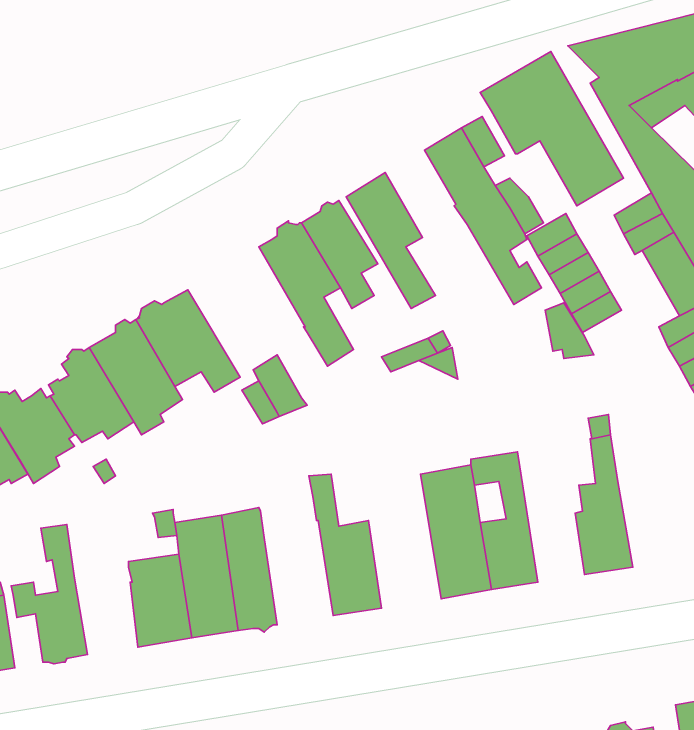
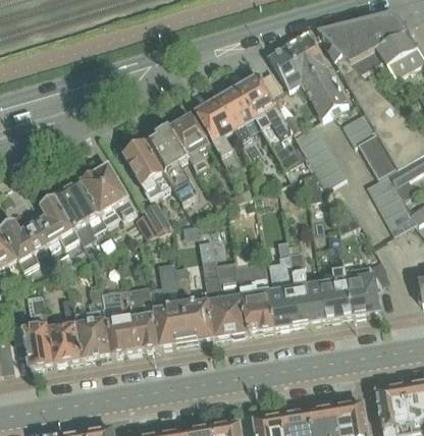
building: none -> [216,88,263,162]
building: none -> [123,141,173,201]
building: none -> [286,241,325,324]
building: none -> [202,258,247,338]
building: none -> [150,263,188,347]
building: none -> [343,265,380,316]
building: none -> [46,298,81,364]

